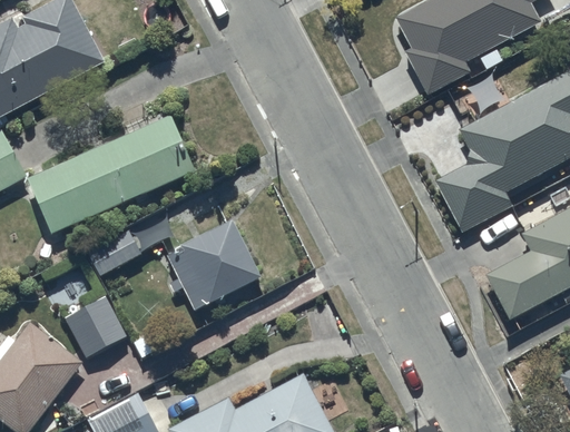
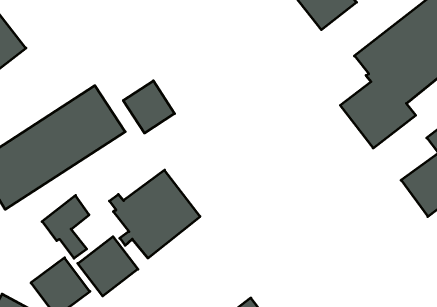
building: none -> [123,81,175,133]
building: none -> [78,237,138,296]

